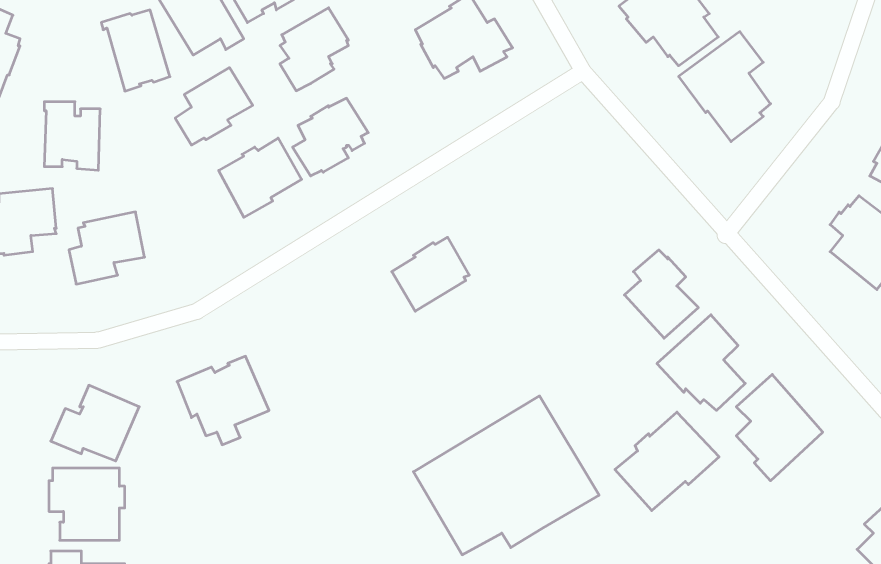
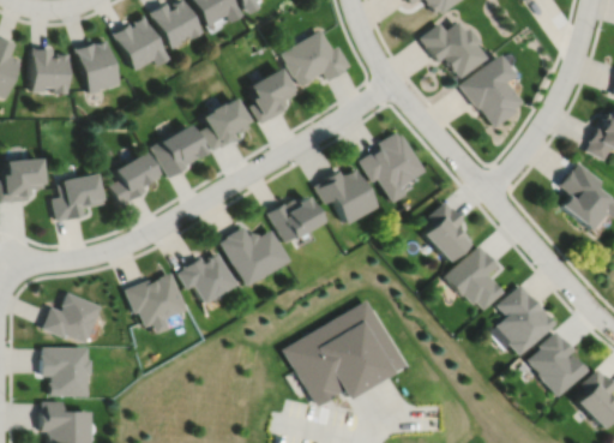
building: [280,8,348,91] -> [252,70,297,125]
building: [175,68,253,145] -> [112,154,163,205]
building: [44,102,100,170] -> [34,49,71,95]
building: none -> [359,133,423,199]
building: none -> [314,169,377,221]
building: none -> [222,228,287,282]
building: none -> [179,251,239,301]
building: [615,412,719,511] -> none
building: none -> [529,330,589,395]

